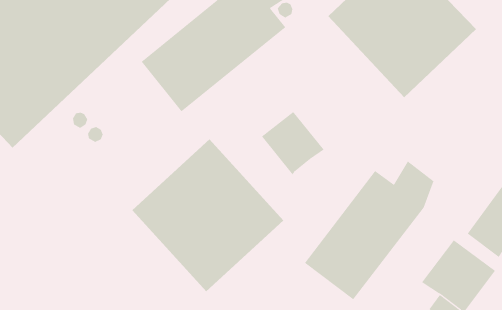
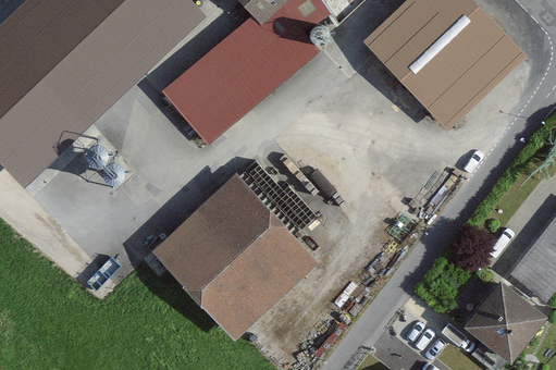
building: [261,111,325,175] -> none
building: [304,161,434,300] -> none

